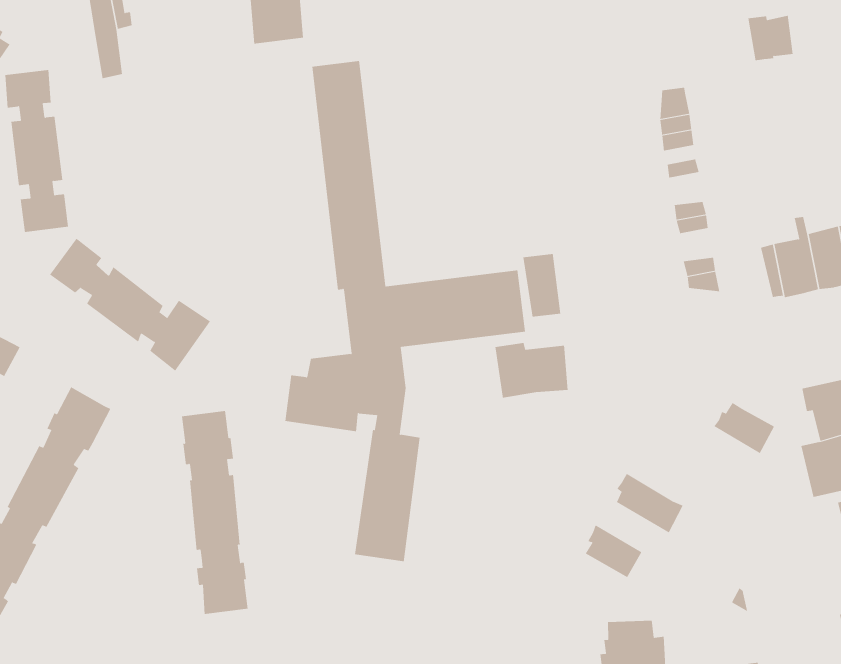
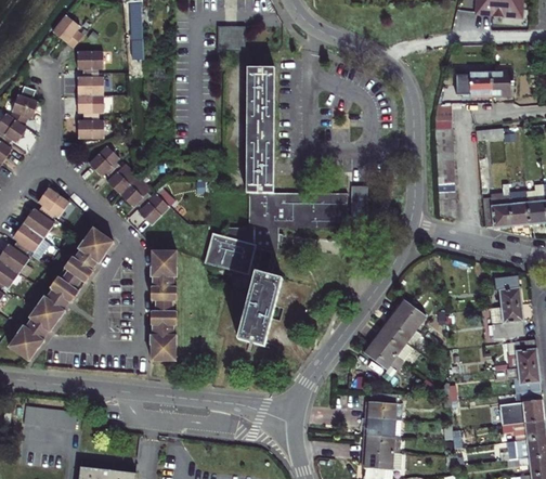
building: none -> [461,69,491,94]
building: [495,342,568,398] -> none
building: [713,402,775,454] -> [392,299,426,329]
building: none -> [372,326,413,361]

